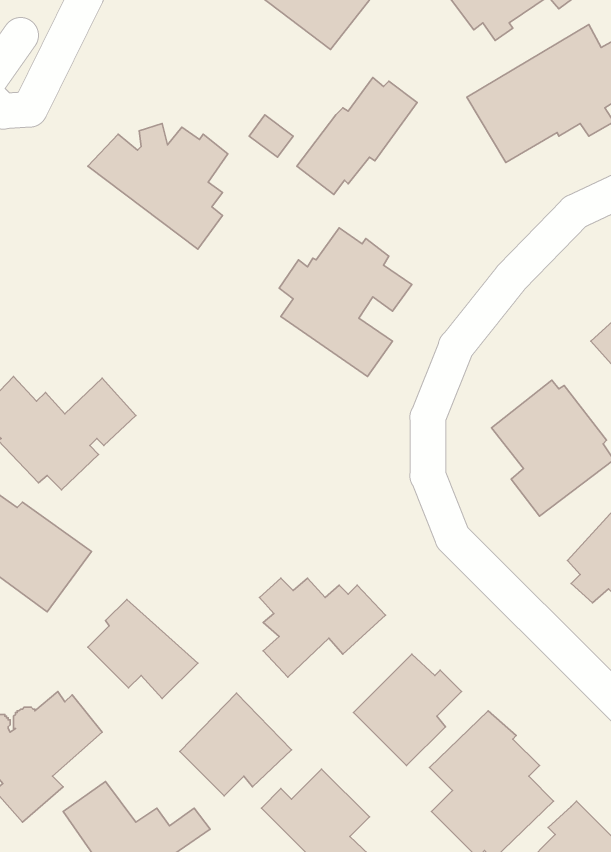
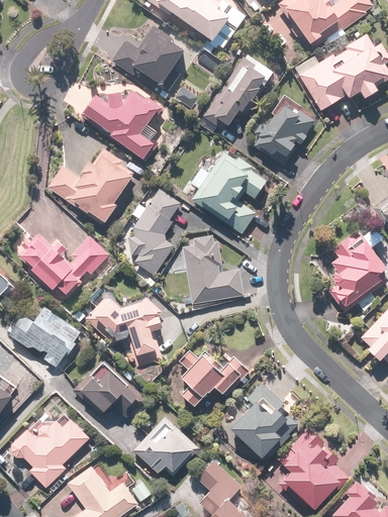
building: none -> [113,25,190,85]
building: none -> [255,103,316,167]
building: none -> [50,152,136,224]
building: none -> [117,188,182,275]
building: none -> [185,233,246,303]
building: none -> [87,296,166,367]

